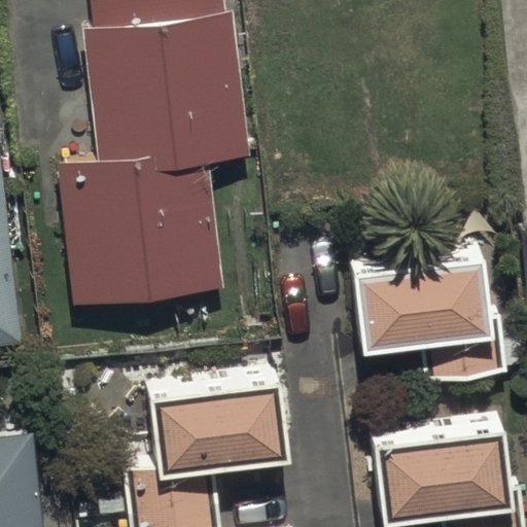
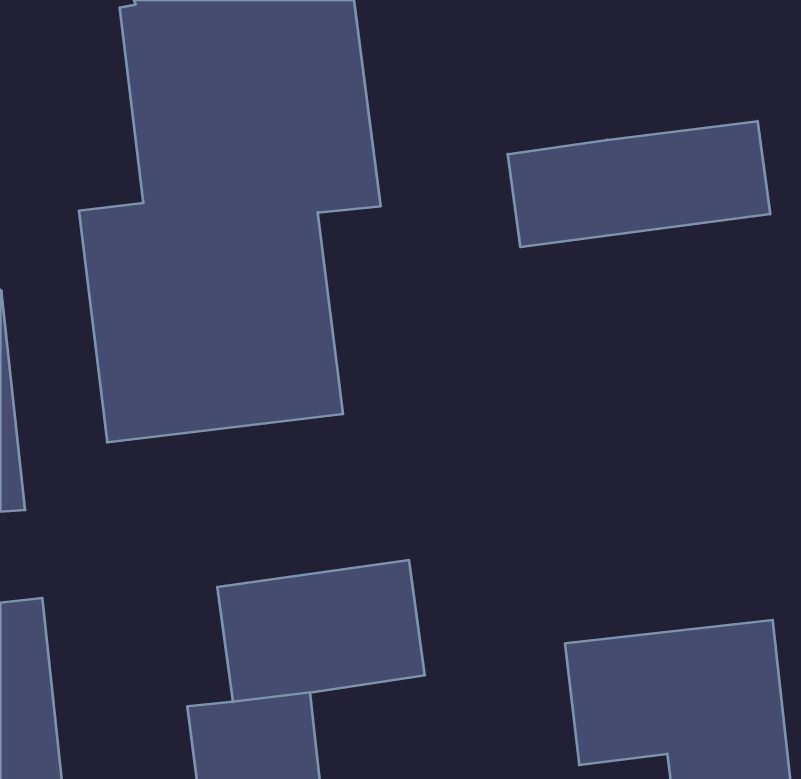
building: none -> [508,121,770,247]
building: [352,247,501,375] -> none

